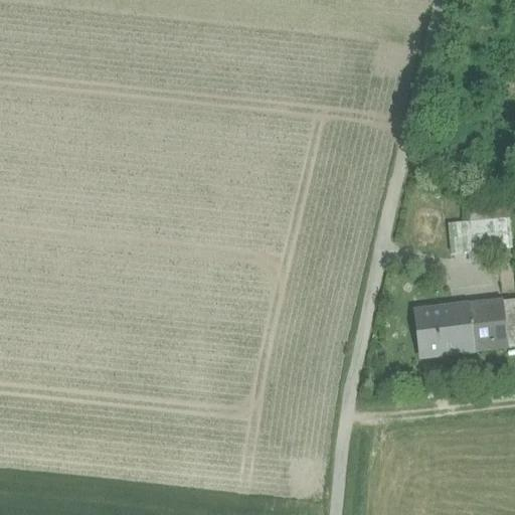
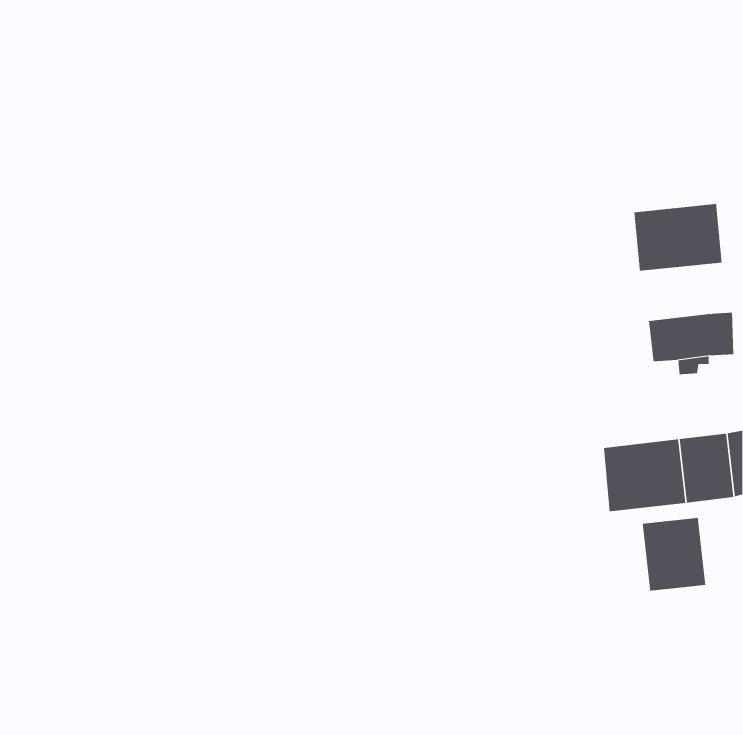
building: none -> [634,203,722,272]
building: none -> [642,517,706,591]

